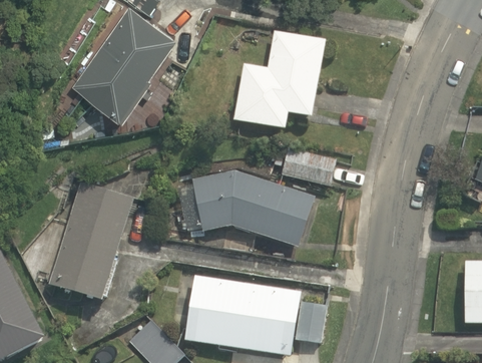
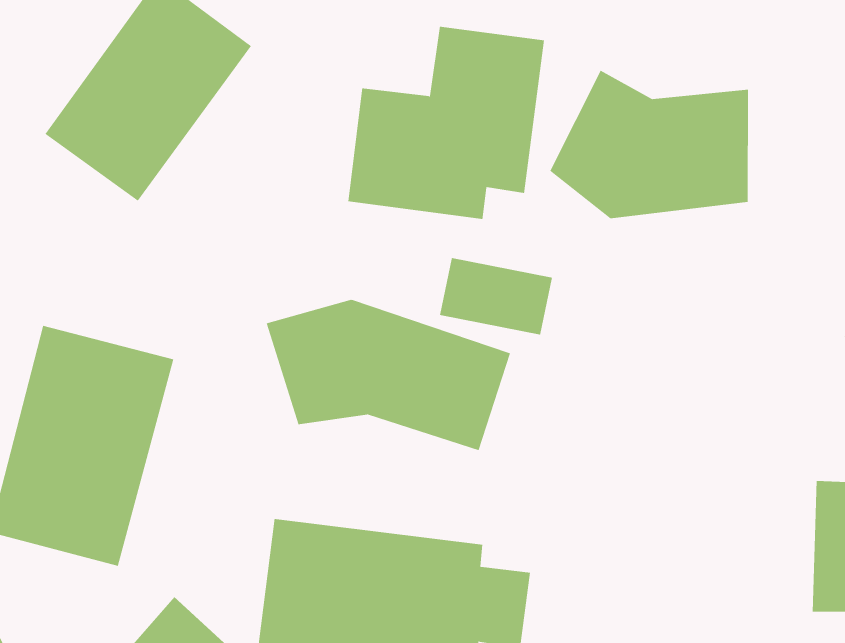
building: none -> [549,70,748,219]

